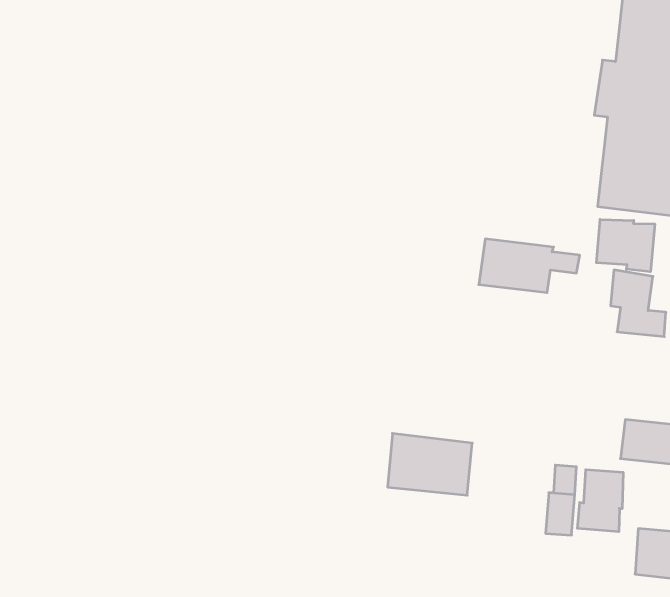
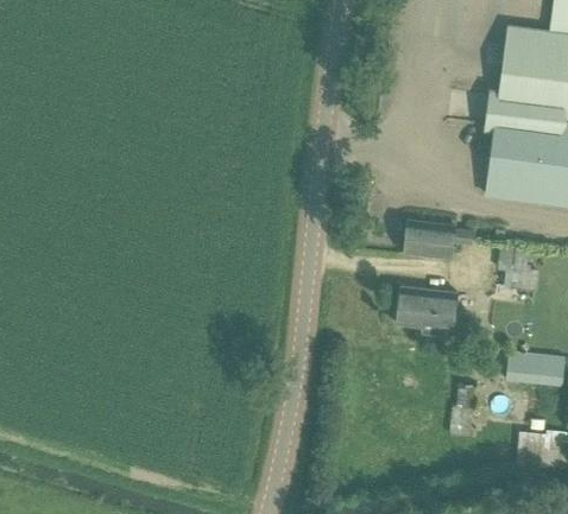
building: [596,219,655,272] -> none
building: [388,433,472,495] -> [396,286,457,331]
building: [577,470,623,532] -> none

